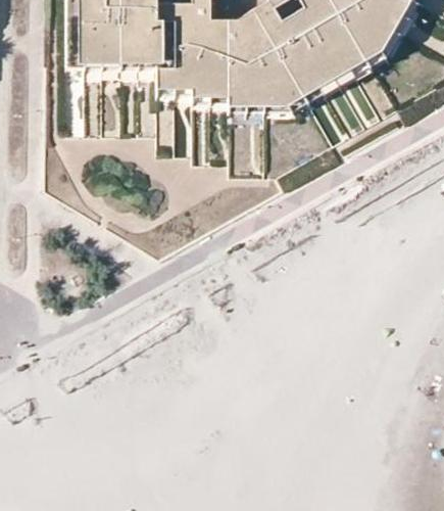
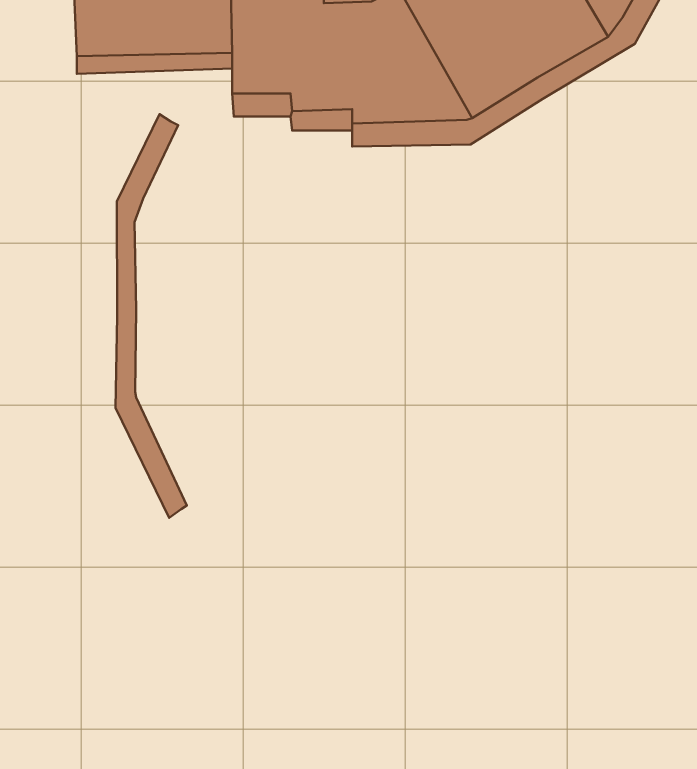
building: none -> [115,114,187,518]

